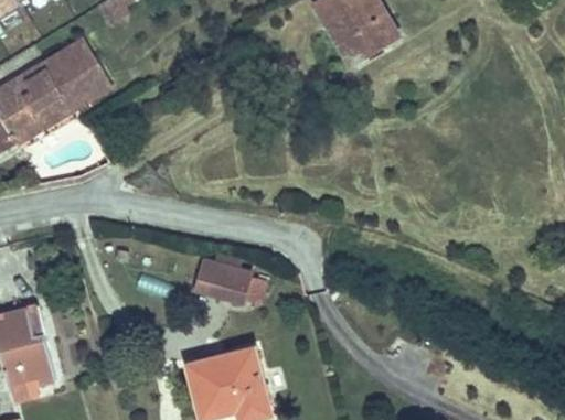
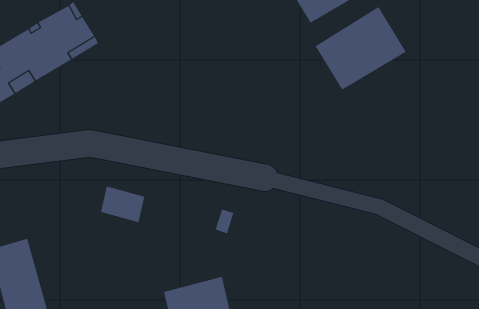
building: none -> [315,6,406,91]
building: [196,261,247,303] -> [100,186,145,223]

